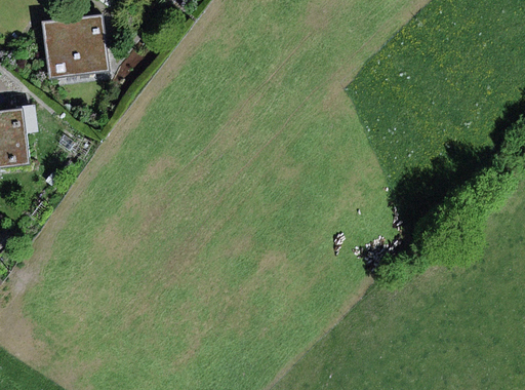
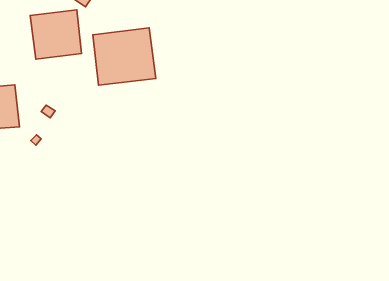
building: none -> [93,28,156,85]

